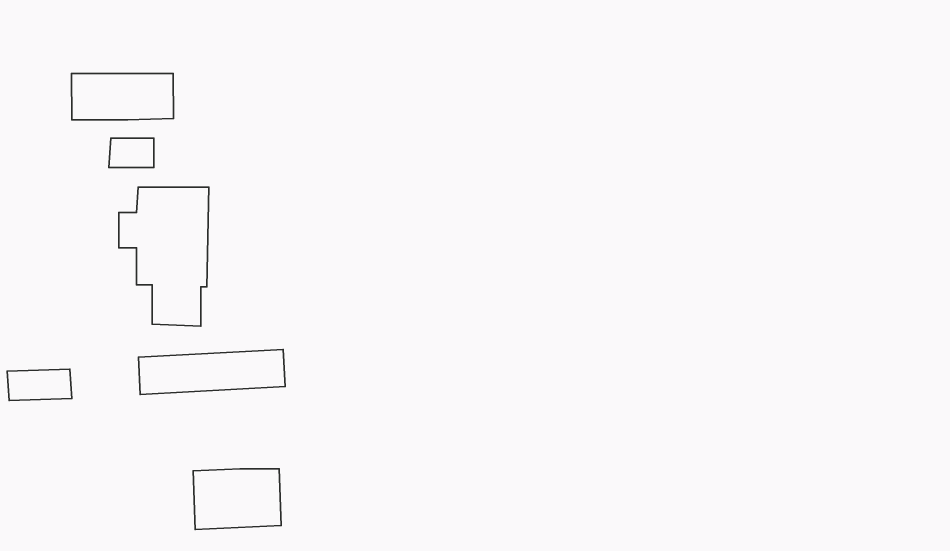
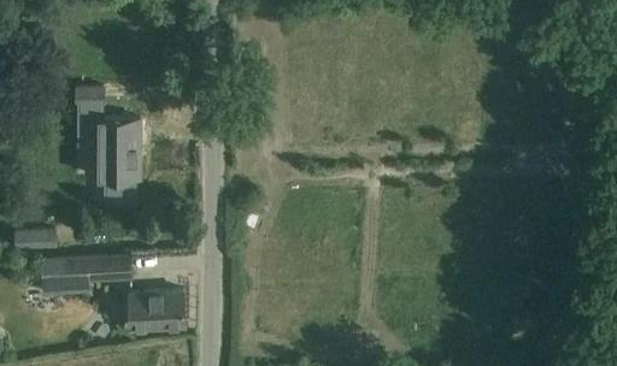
building: [71,73,174,120] -> none
building: [138,349,285,394] -> [41,254,131,282]

